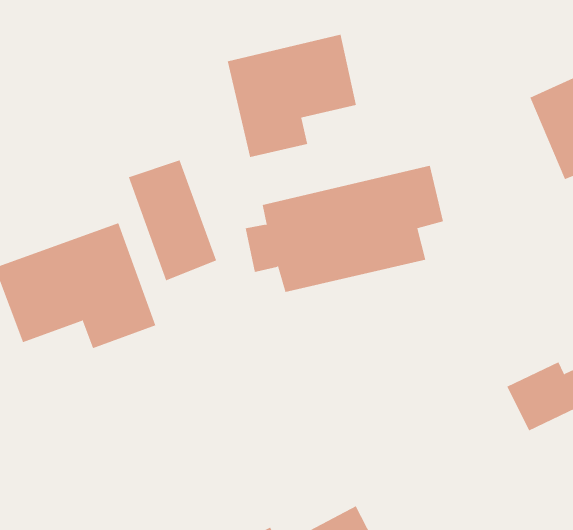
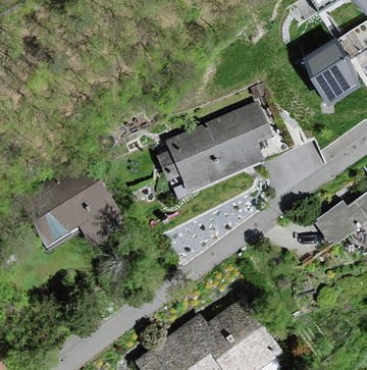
building: [227,34,357,158] -> none
building: [128,160,217,281] -> none

